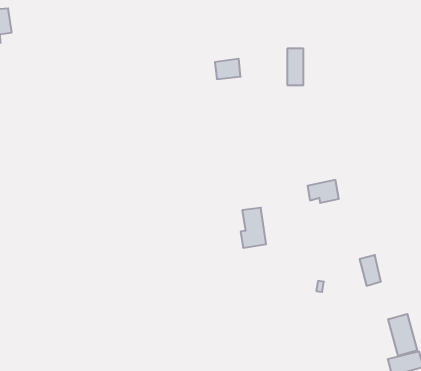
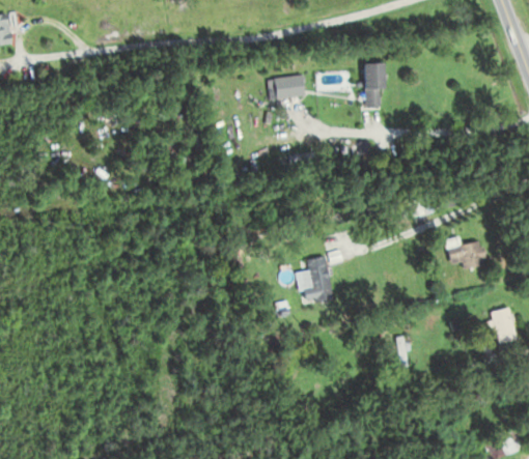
building: [307,180,339,203] -> [445,240,483,268]
building: [360,255,381,286] -> [491,307,517,344]
building: [388,314,417,356] -> none

